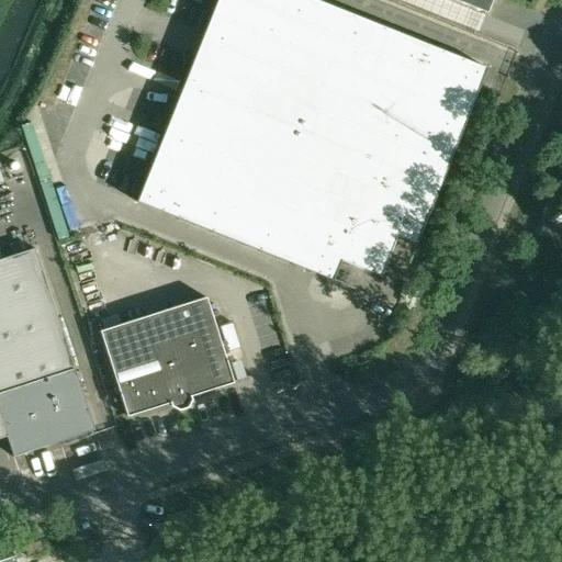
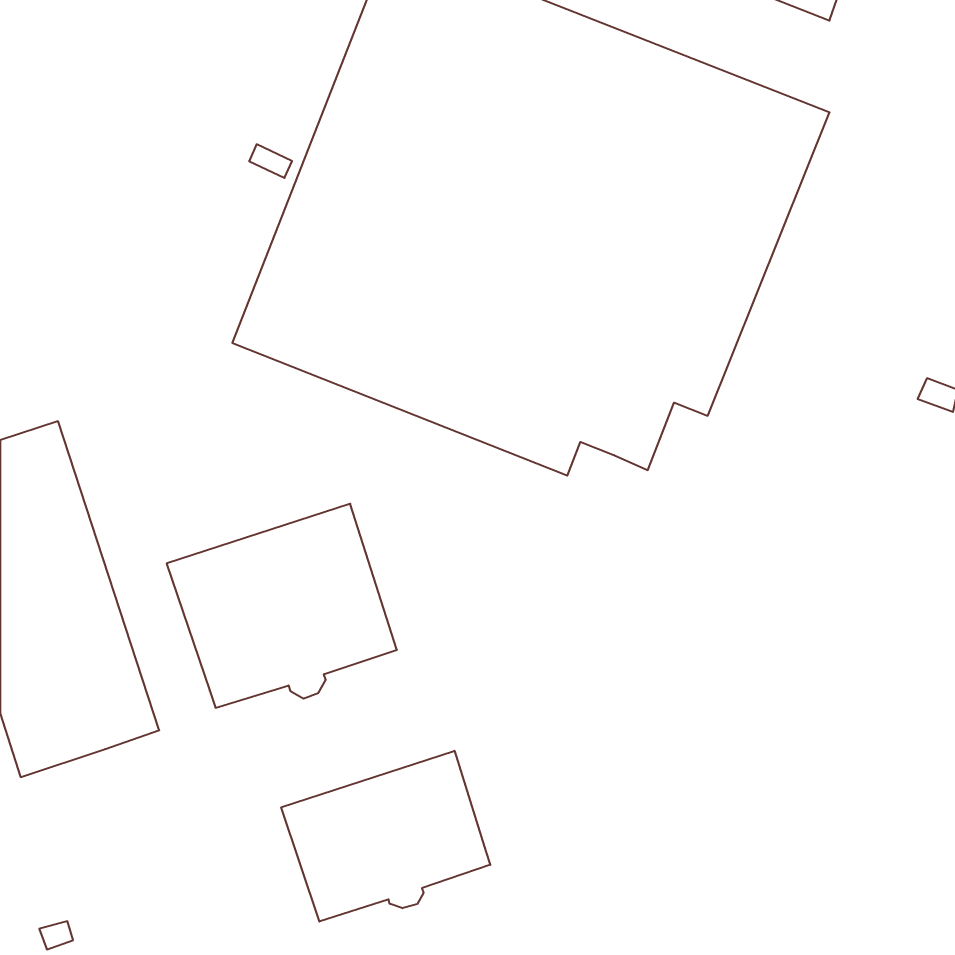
building: none -> [281,751,490,922]

